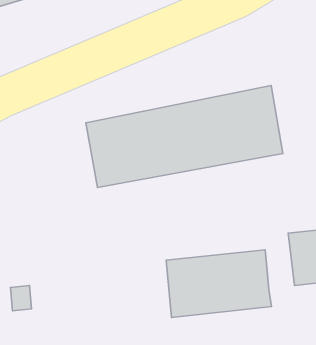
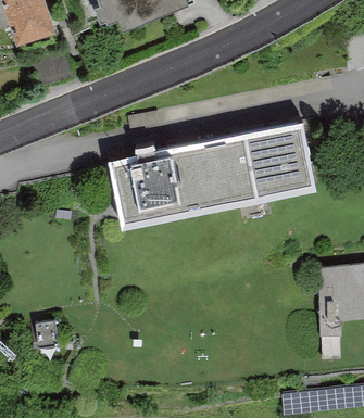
building: [166,250,272,317] -> none

